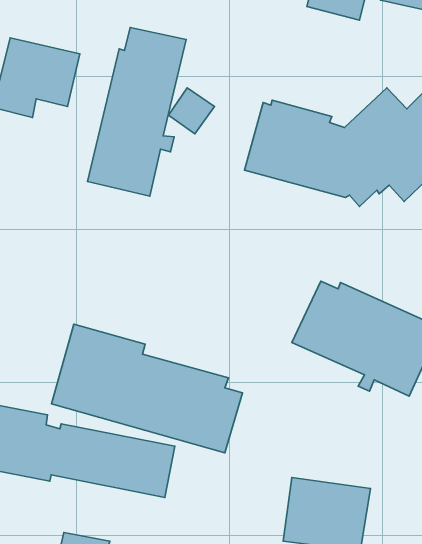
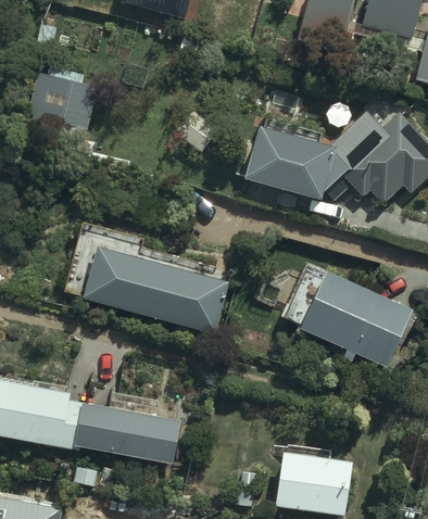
building: [88,28,186,196] -> none
building: [51,324,242,453] -> [64,223,230,334]

